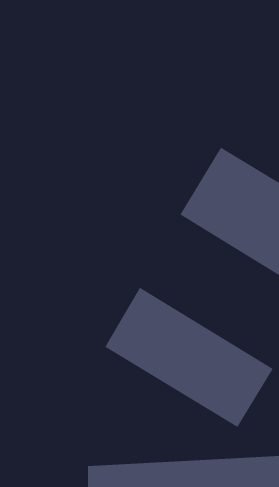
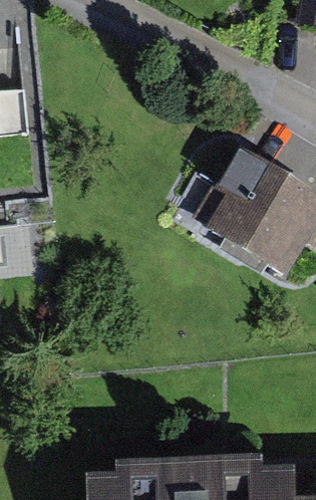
building: [105,287,273,428] -> none

